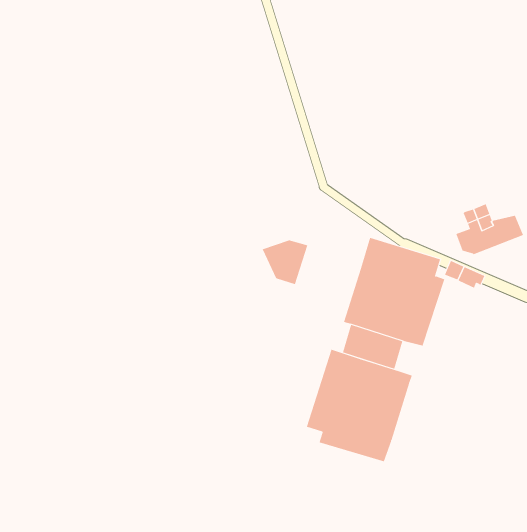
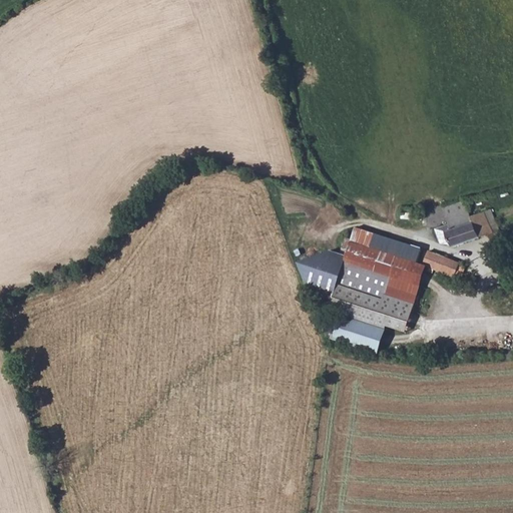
building: [262,240,308,285] -> [300,251,344,295]
building: [306,349,412,462] -> none

